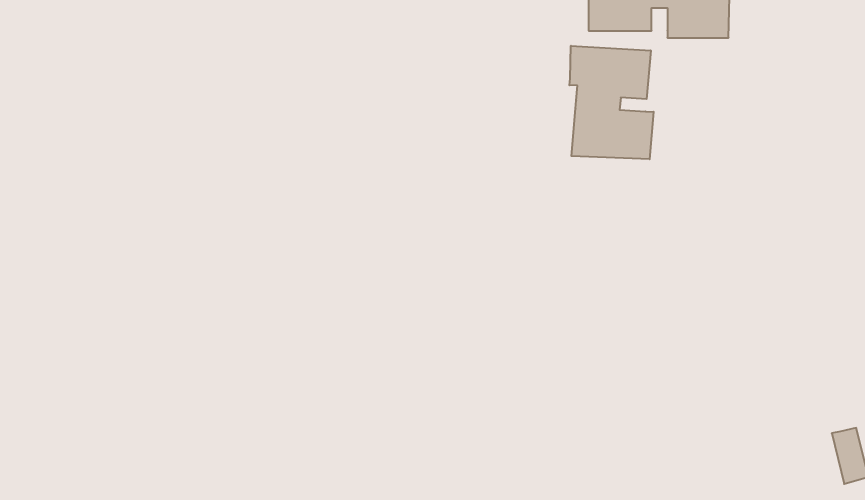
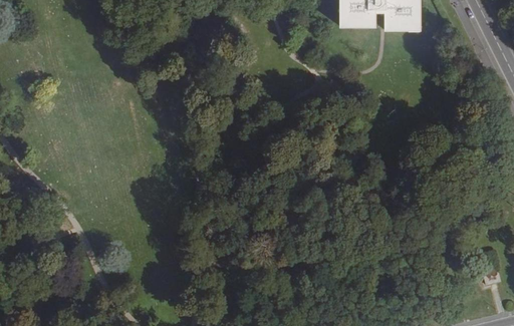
building: [569,46,654,159] -> none

